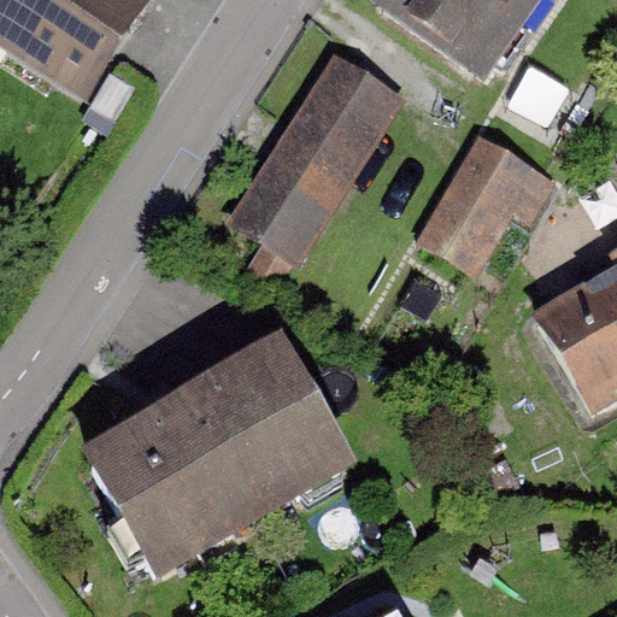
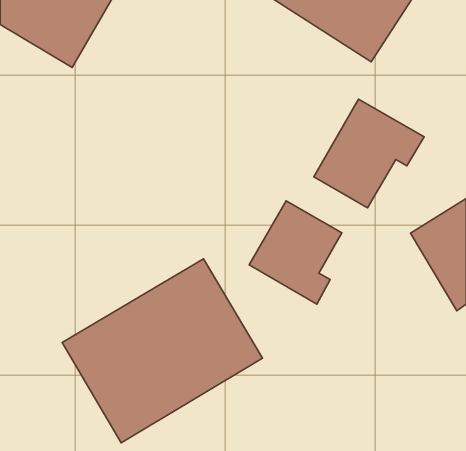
building: [225,51,407,265] -> none
building: none -> [249,201,342,304]

